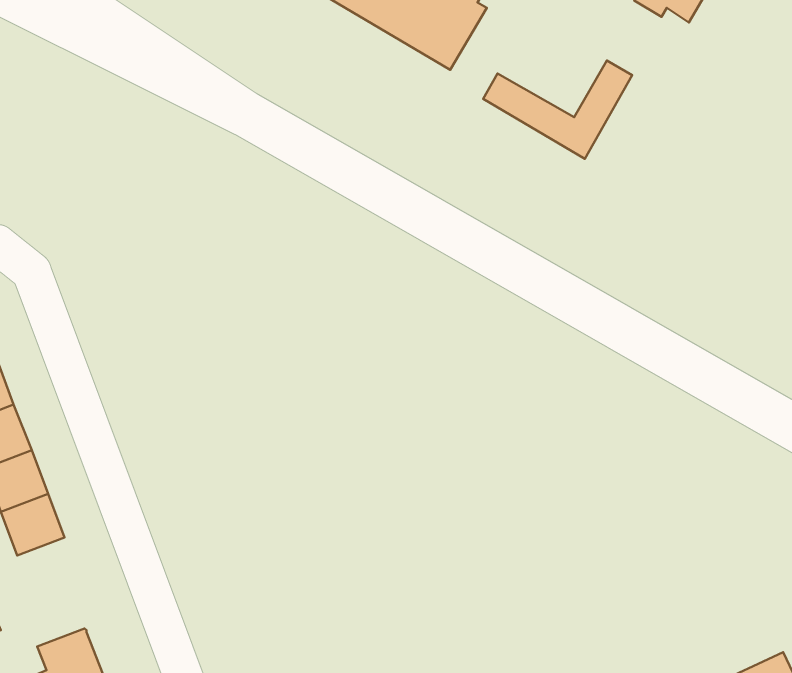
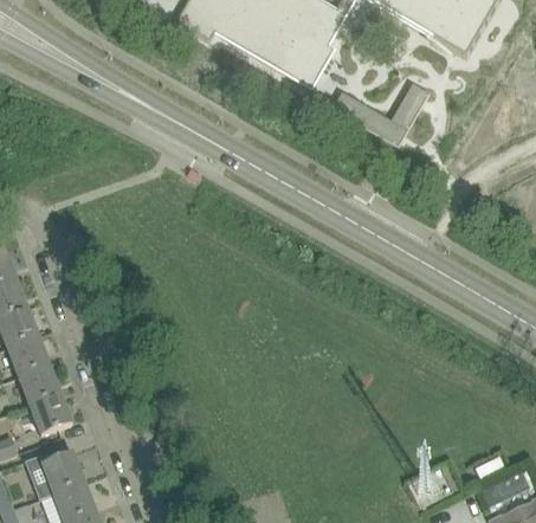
building: none -> [28,392,71,433]

